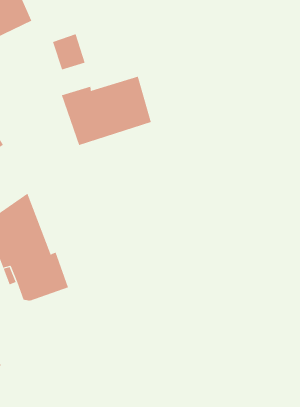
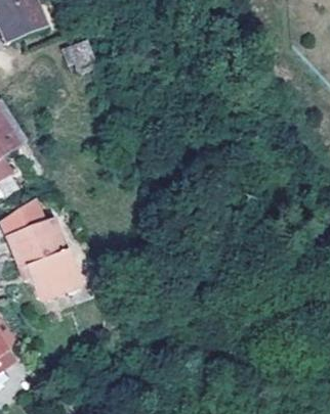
building: [61,76,152,146] -> none

